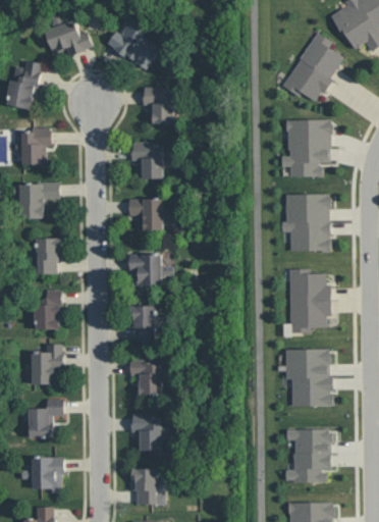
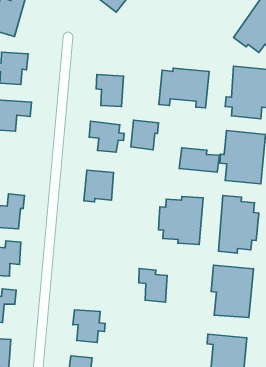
building: [143,87,173,123] -> none
building: none -> [159,68,209,108]
building: none -> [131,120,159,150]
building: none -> [179,148,220,172]
building: [36,238,62,273] -> none
building: none -> [158,196,203,245]
building: [129,305,155,342] -> none
building: [129,359,163,395] -> [139,268,167,302]

